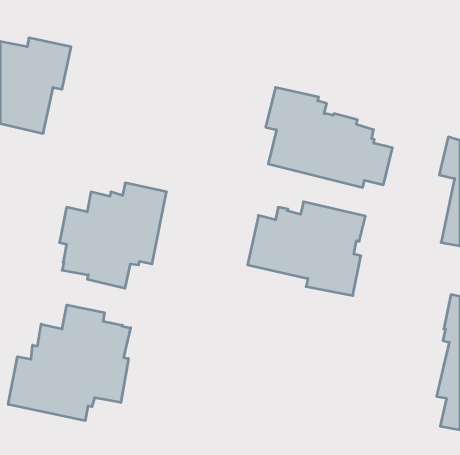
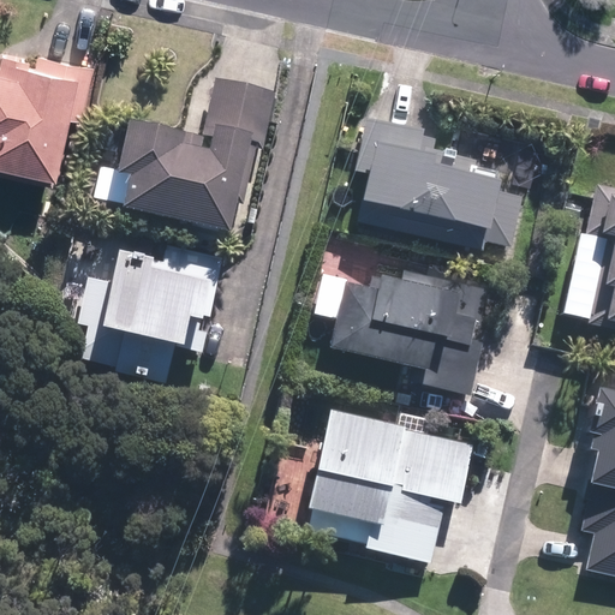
building: none -> [118,76,275,237]
building: none -> [300,406,470,563]
building: [8,305,131,421] -> none

